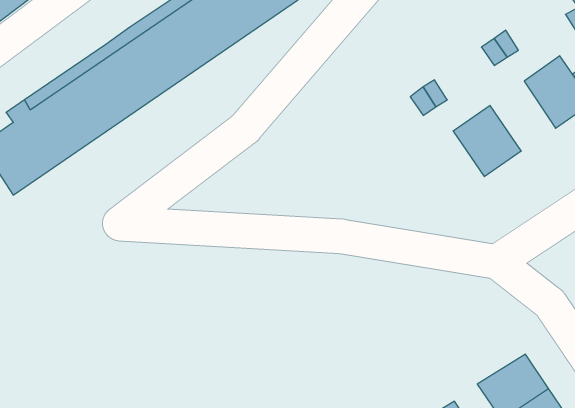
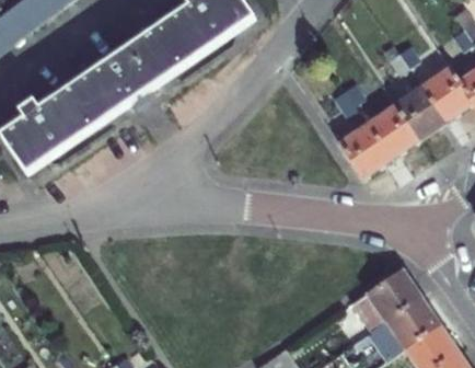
building: none -> [395,87,445,140]
building: none -> [340,125,391,177]
building: none -> [352,268,422,330]

